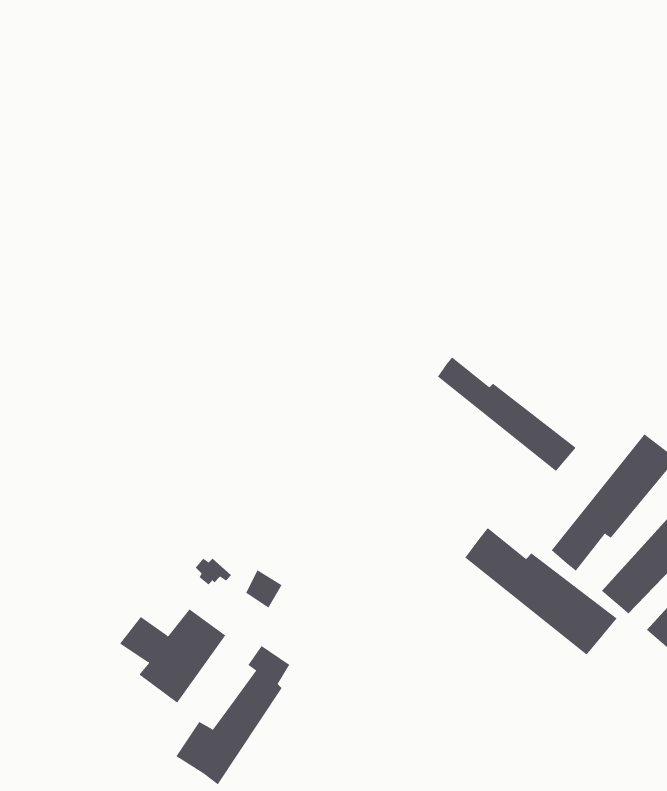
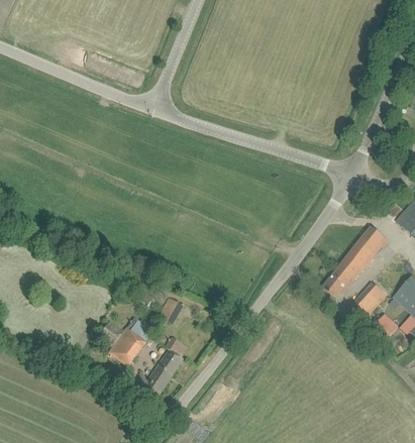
building: [437,356,576,472] -> none
building: [465,527,617,655] -> none

